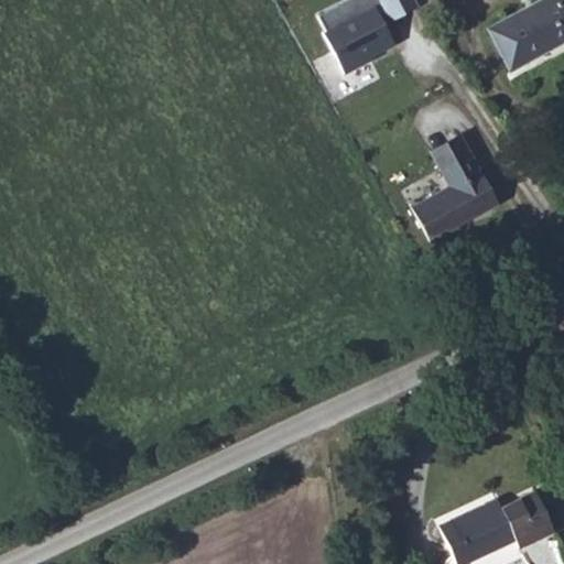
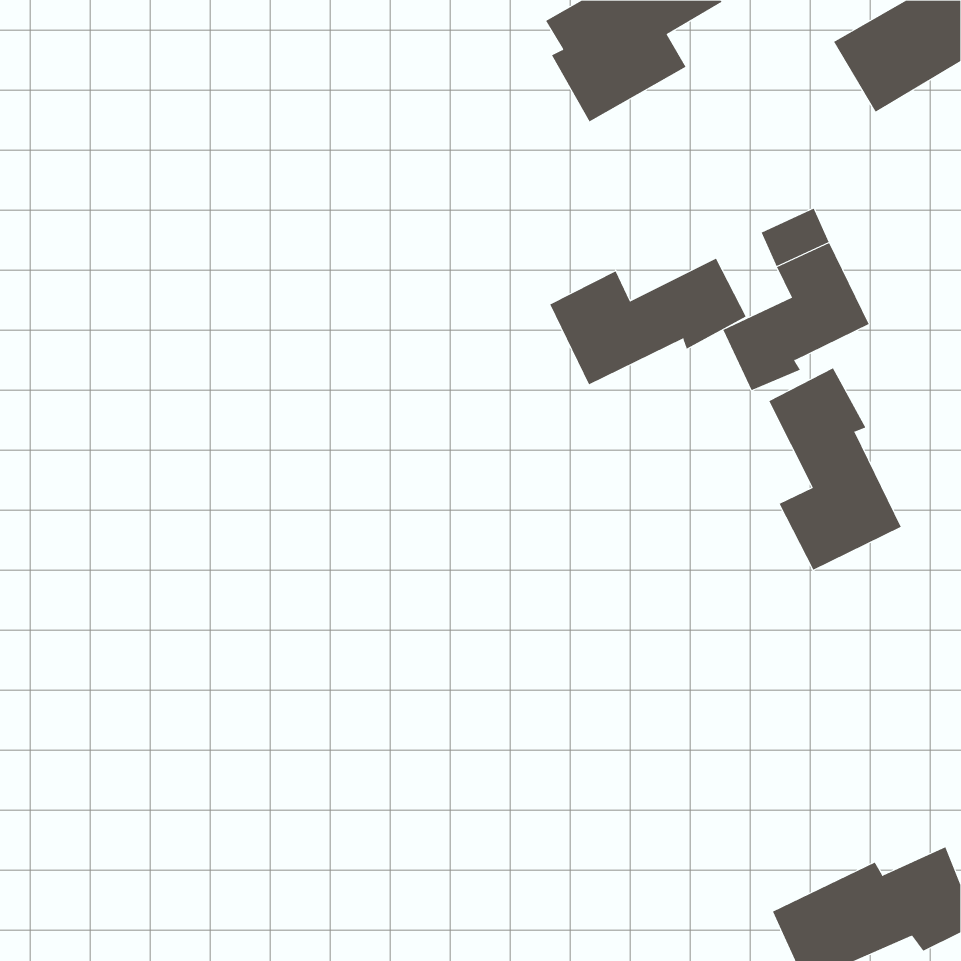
building: none -> [549,258,746,385]
building: none -> [768,368,902,571]

